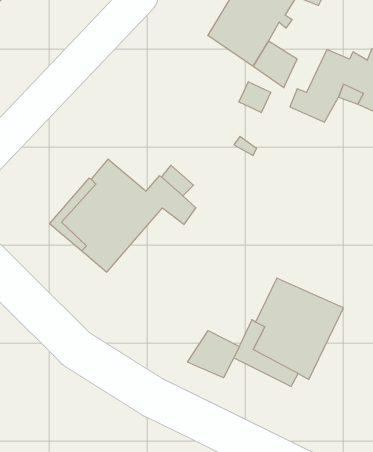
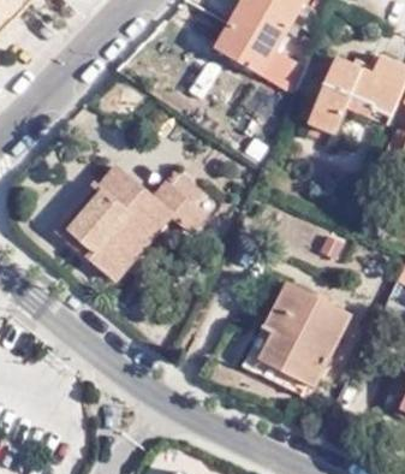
building: [188,331,239,378] -> none

